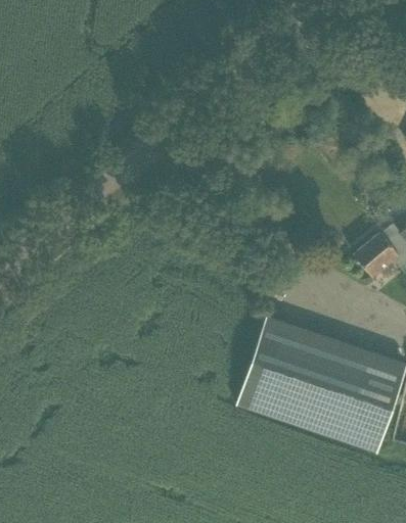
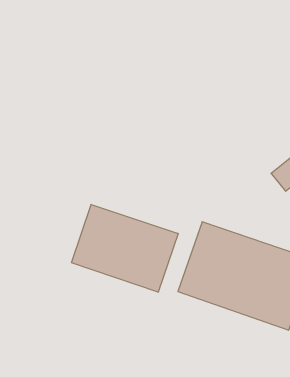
building: none -> [72,204,178,292]

